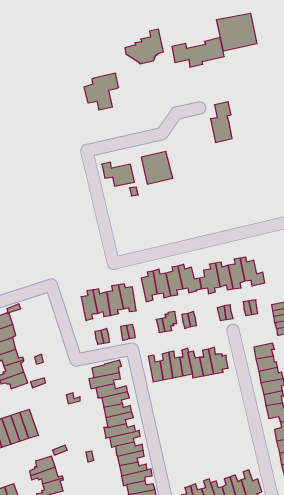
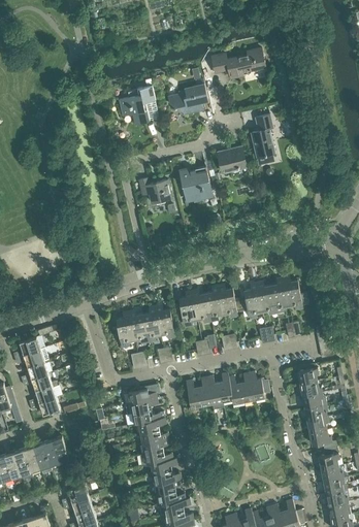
building: [217,13,257,51] -> none
building: [125,29,163,64] -> [168,78,208,114]
building: none -> [218,147,247,173]

